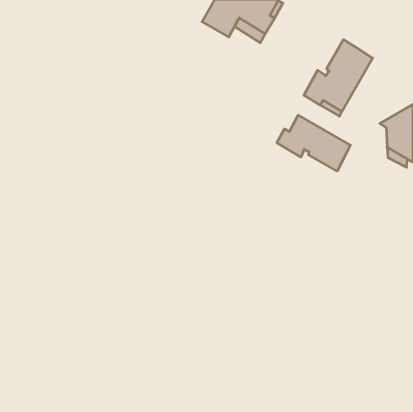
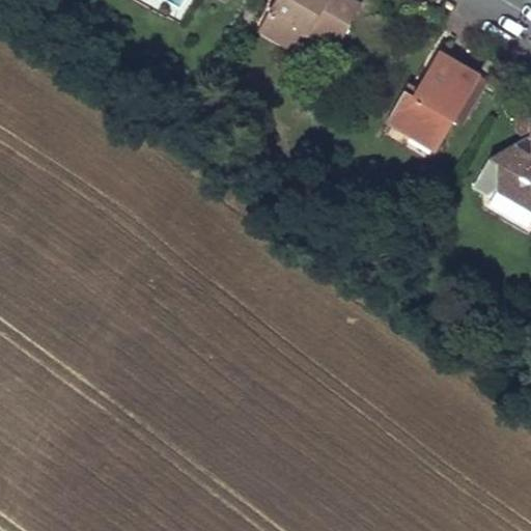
building: [277,115,350,171] -> none

